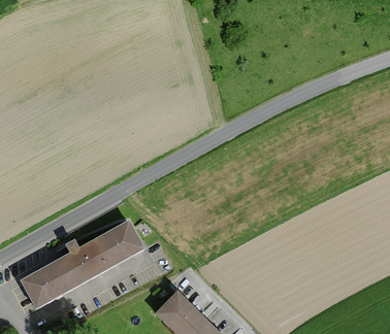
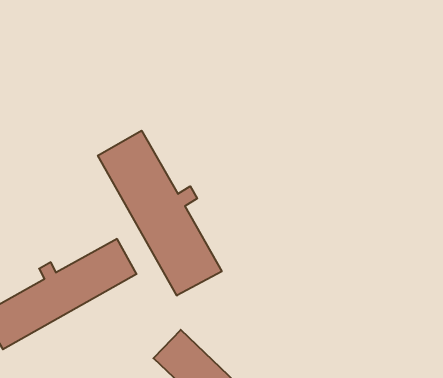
building: none -> [98,131,222,296]

